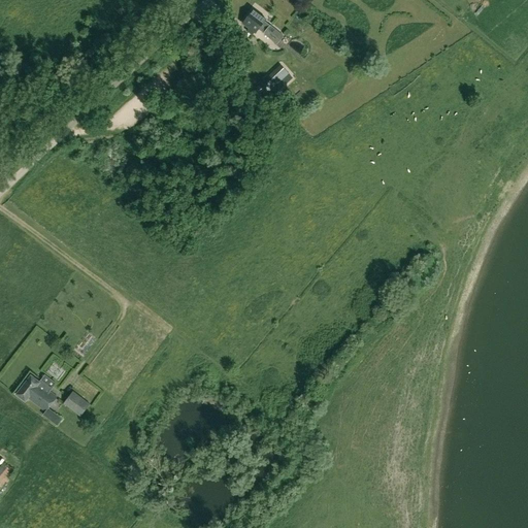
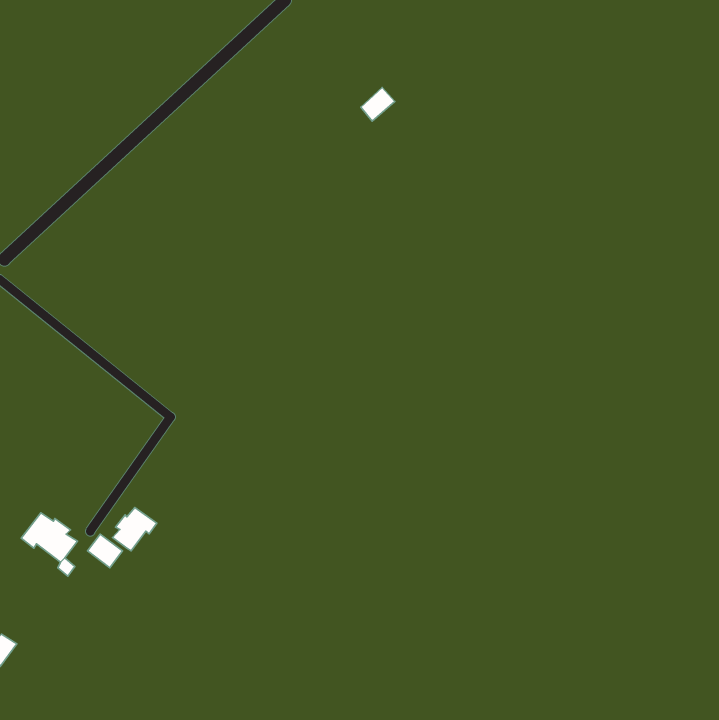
building: [242,9,284,43] -> none
building: none -> [113,507,157,551]

